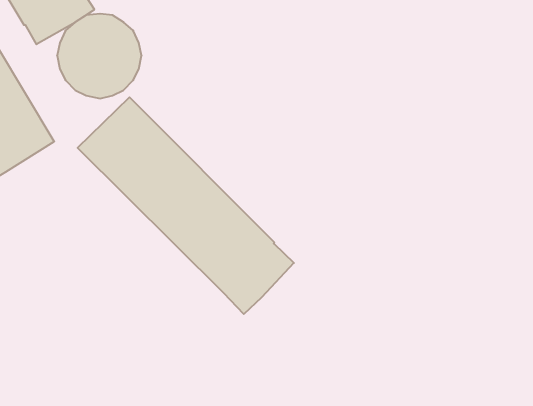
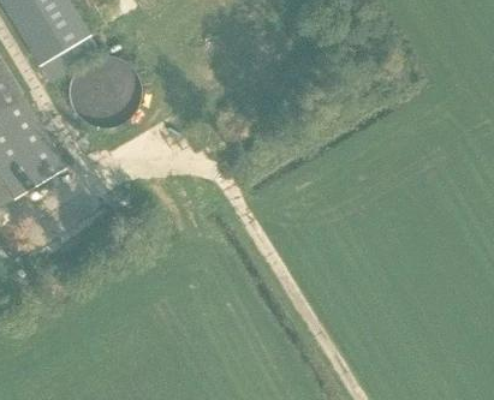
building: [78,97,294,314] -> none

